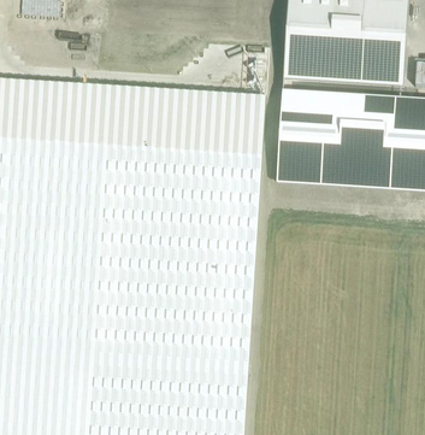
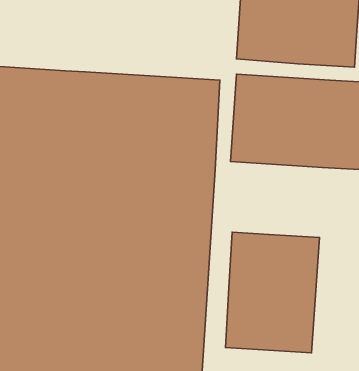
building: none -> [226,232,319,353]

